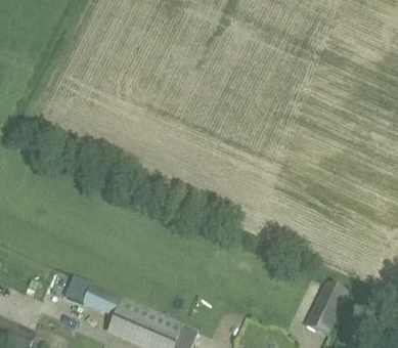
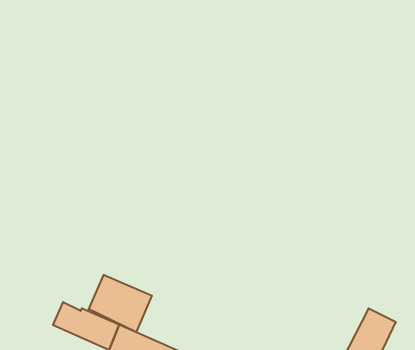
building: none -> [89,275,152,332]

